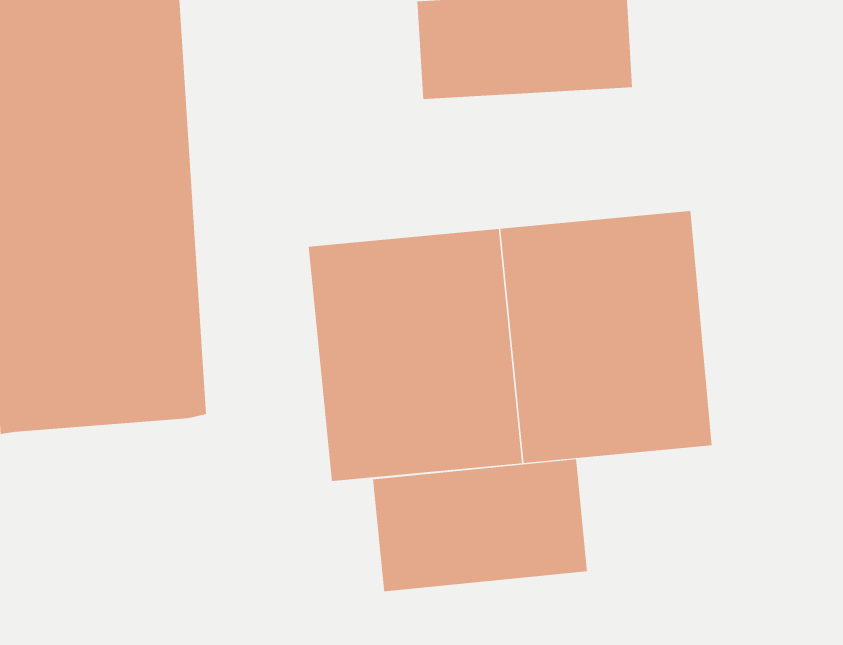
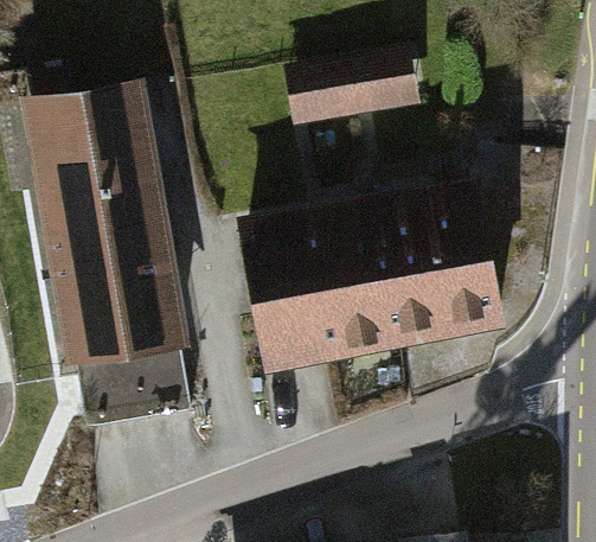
building: none -> [70,344,187,431]
building: [373,458,588,592] -> none

